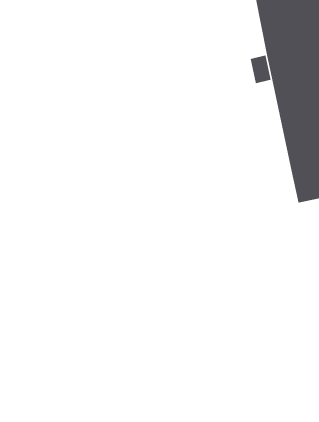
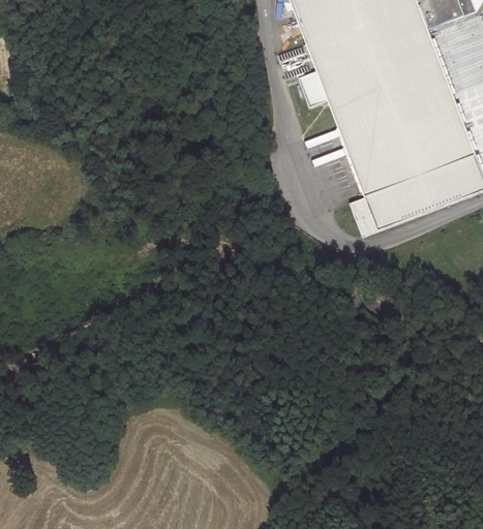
building: none -> [353,195,381,235]

